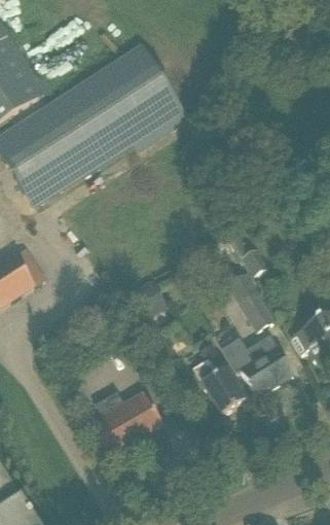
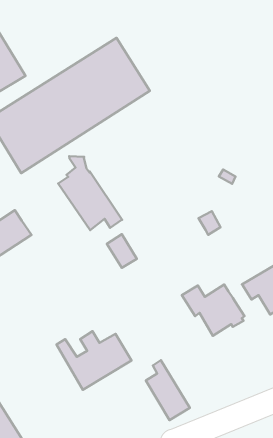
building: none -> [58,156,122,230]
building: [228,273,274,329] -> none
building: [193,343,245,413] -> [146,360,190,420]

